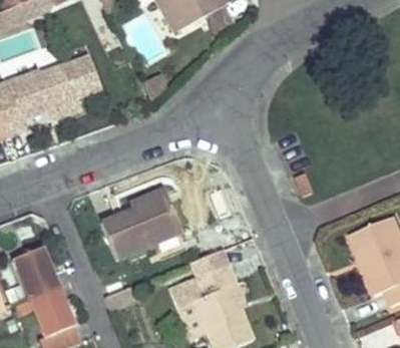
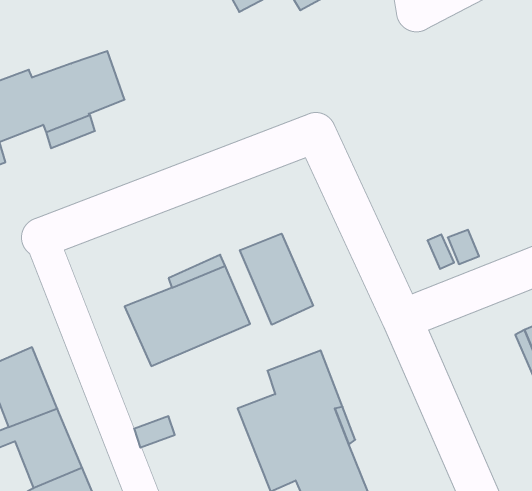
building: none -> [240,234,313,325]

